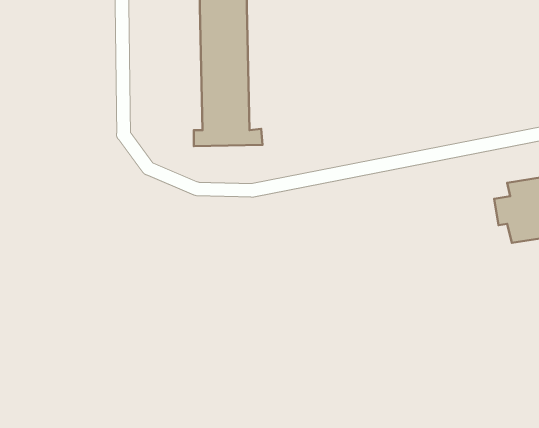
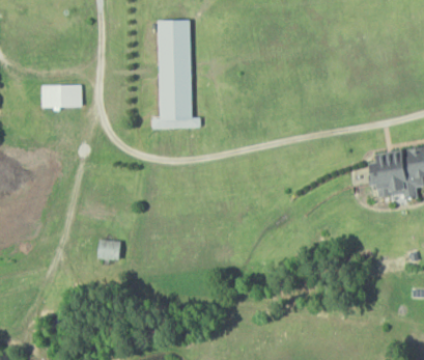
building: none -> [41,85,82,107]
building: none -> [97,240,122,259]

